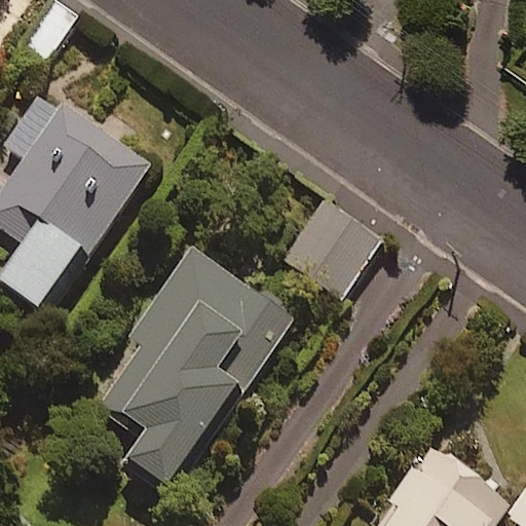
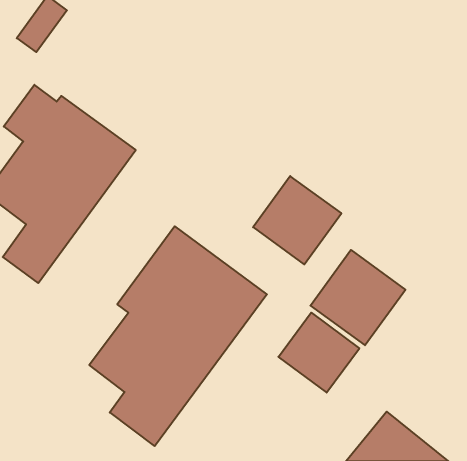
building: none -> [310,250,405,345]
building: none -> [278,313,359,393]

